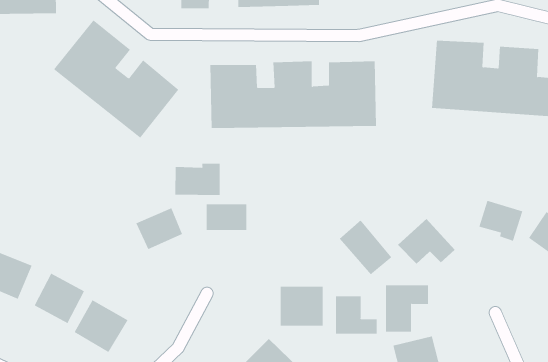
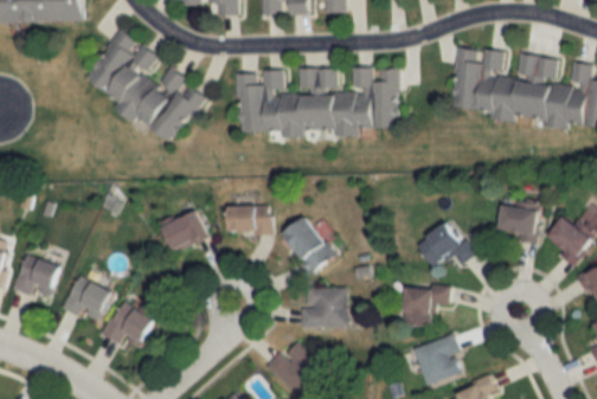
building: [175,163,220,196] -> none
building: [339,219,392,275] -> [283,218,335,272]
building: [335,295,377,334] -> none

